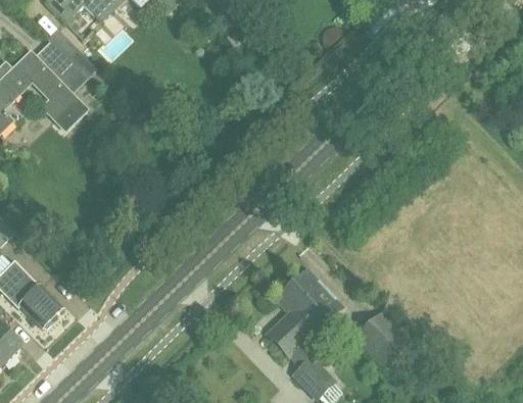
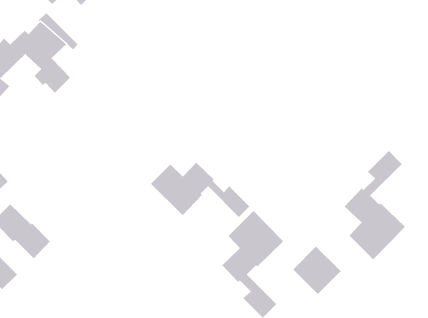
building: none -> [344,150,406,260]
building: none -> [150,162,250,218]

